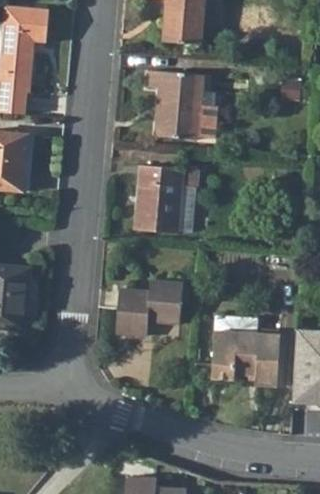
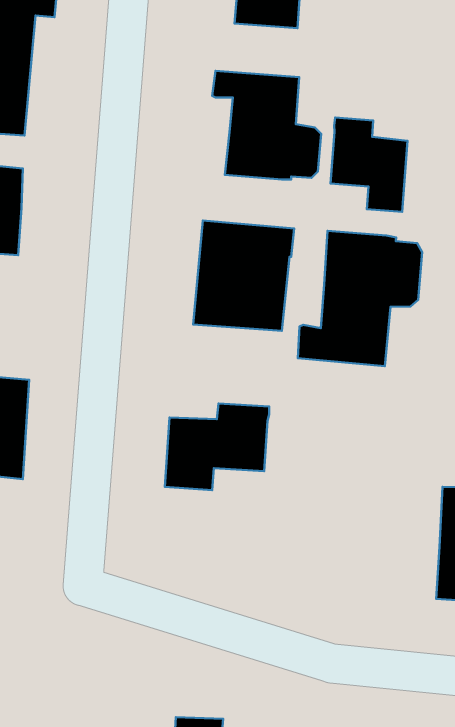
building: none -> [330,117,408,212]
building: none -> [298,231,422,366]
building: [213,318,280,388] -> none

